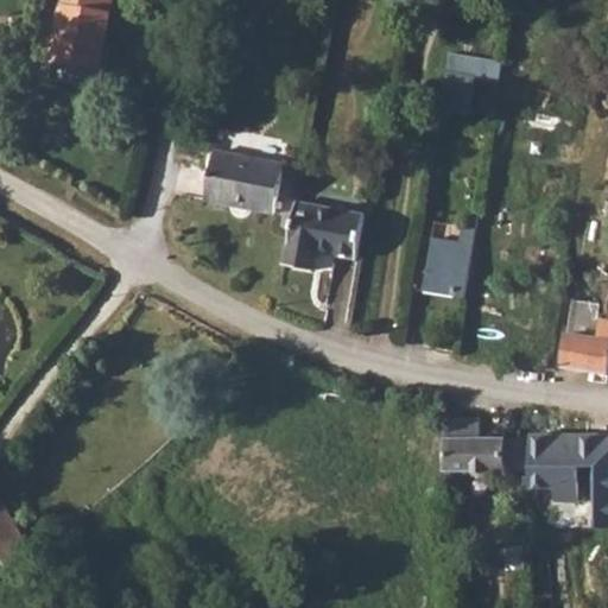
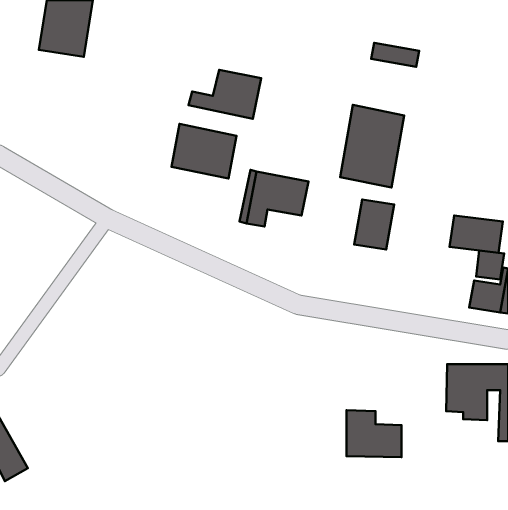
building: none -> [189,70,261,119]
building: none -> [340,105,404,188]
building: none -> [450,216,503,253]
building: [443,417,508,473] -> [347,410,401,457]

